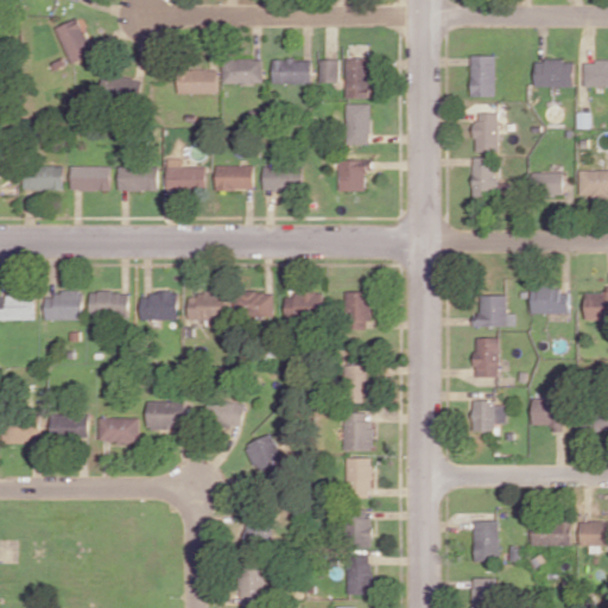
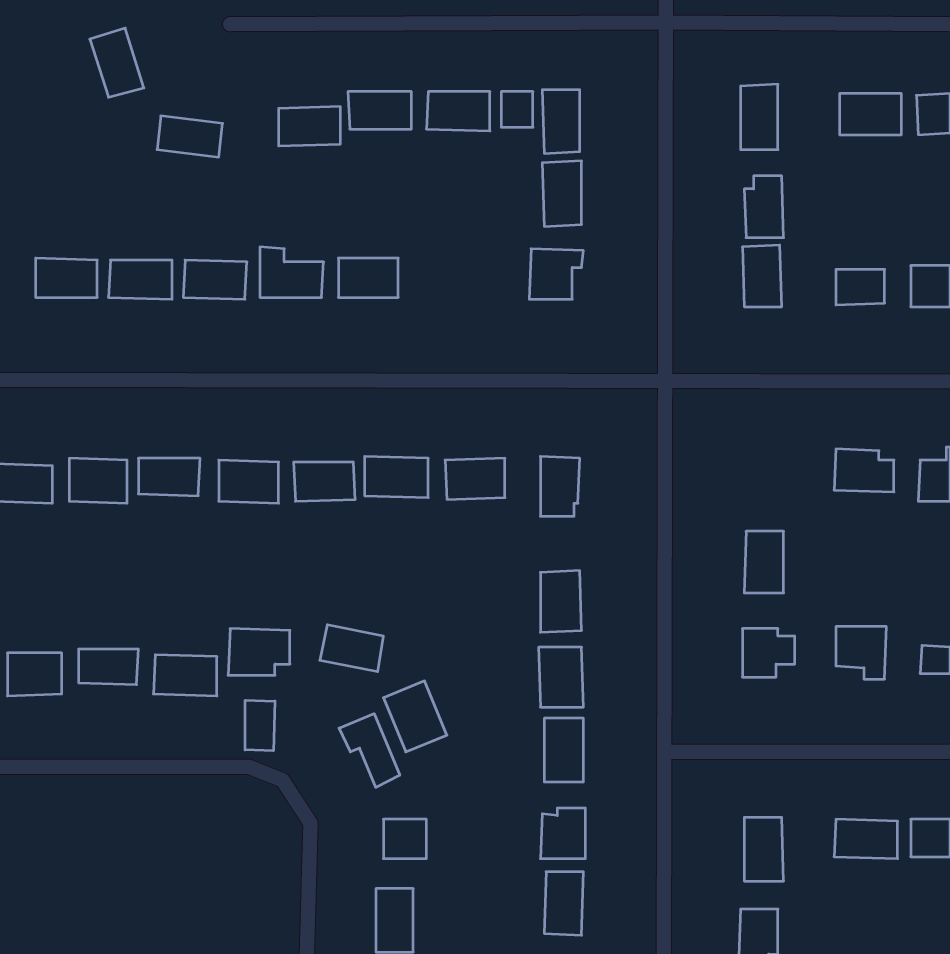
building: [261,166,302,190] -> none
building: [471,294,514,328] -> none
building: none -> [245,700,275,751]
building: none -> [339,714,400,787]

